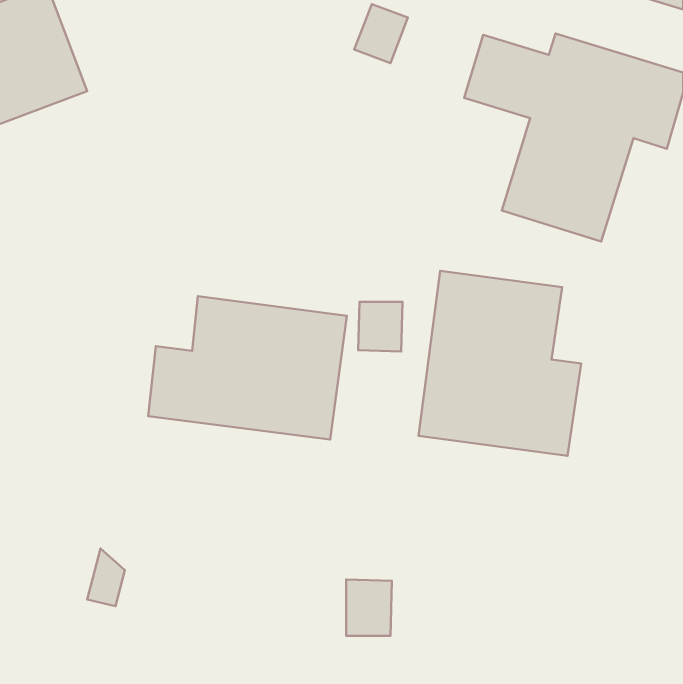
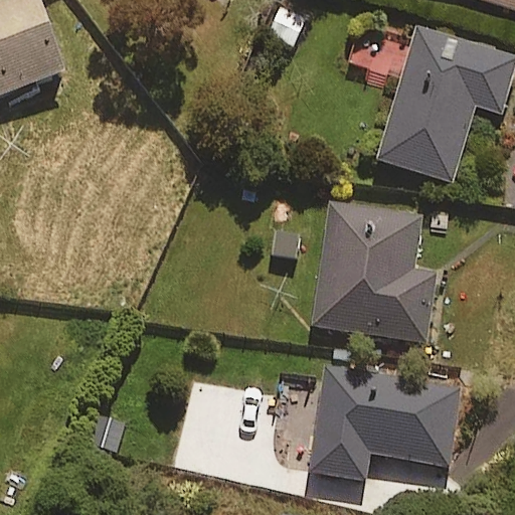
building: [148,296,347,440] -> none
building: none -> [310,364,461,479]

